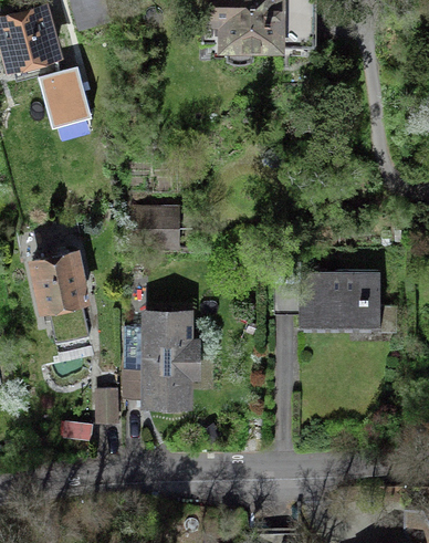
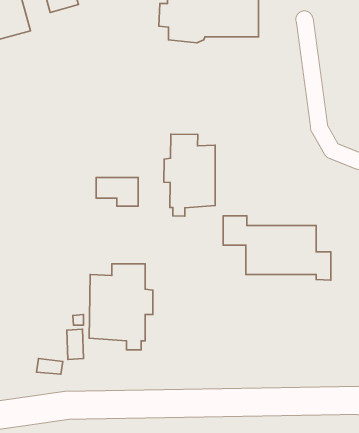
building: [42,58,90,115] -> none
building: none -> [164,134,215,216]
building: [33,252,90,344] -> none

